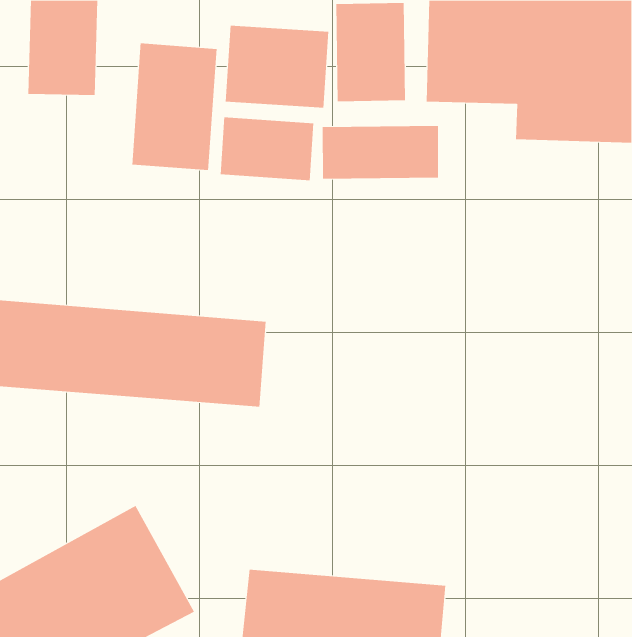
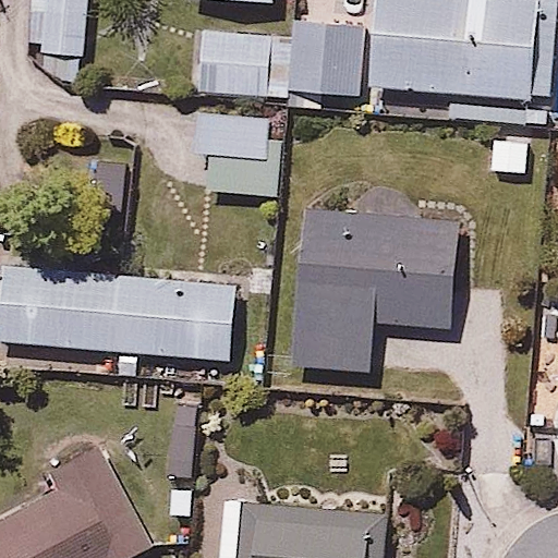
building: [132,43,217,171] -> none
building: [322,125,439,179] -> none
building: none -> [286,205,471,375]

